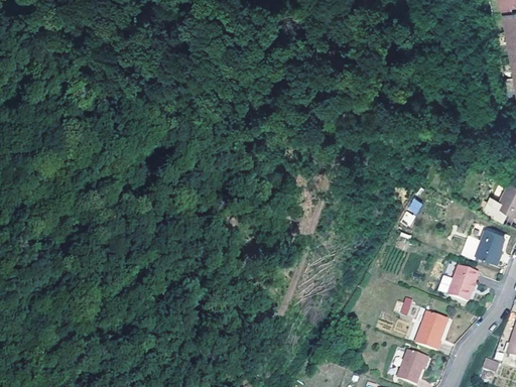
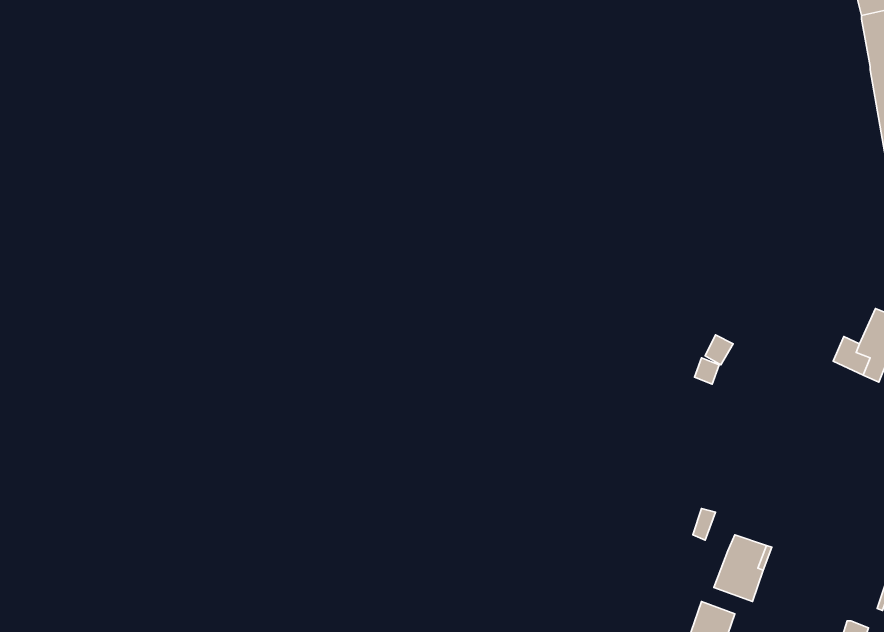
building: [476,224,506,257] -> none
building: [447,264,476,299] -> none

